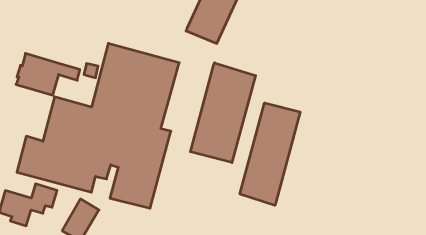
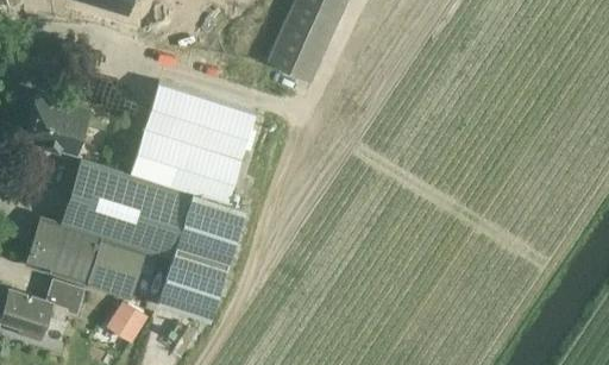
building: [190,63,256,163] -> none
building: [240,103,300,205] -> none

